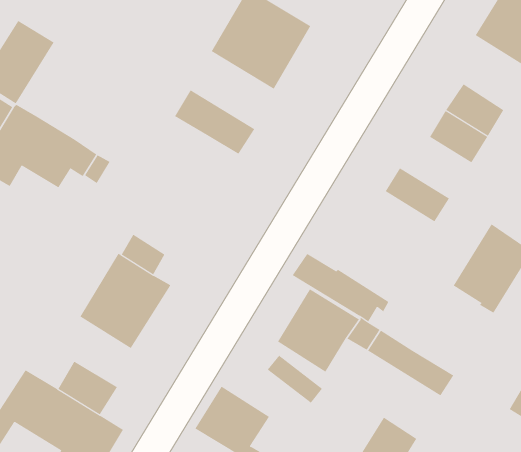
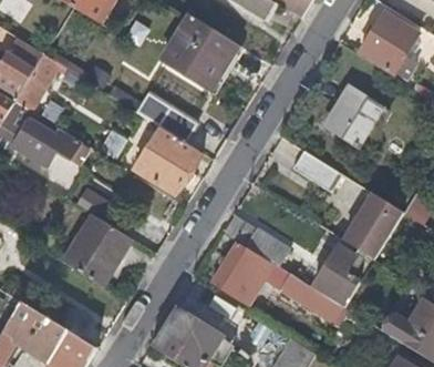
building: none -> [16,55,66,111]
building: none -> [132,125,200,194]
building: none -> [313,248,360,306]

